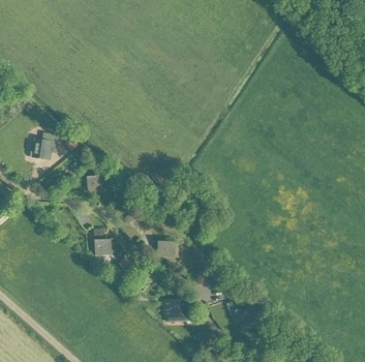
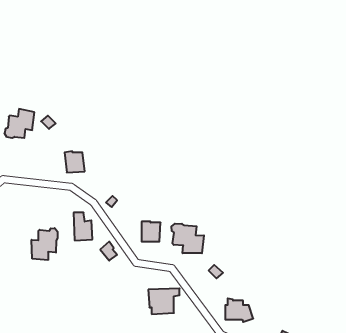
building: none -> [171,224,204,253]
building: none -> [32,228,58,260]

